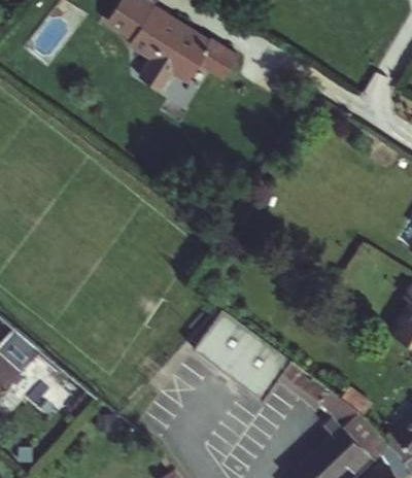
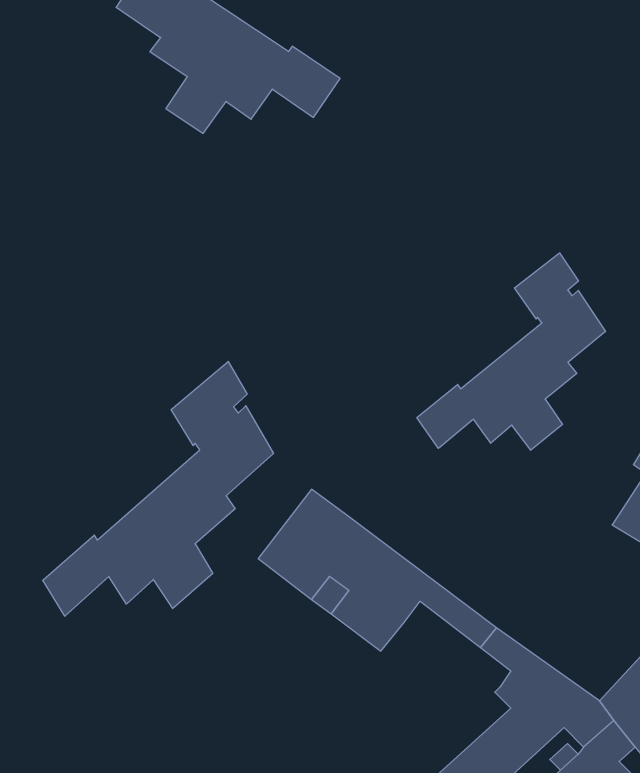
building: none -> [417,253,606,450]
building: none -> [43,361,274,616]

